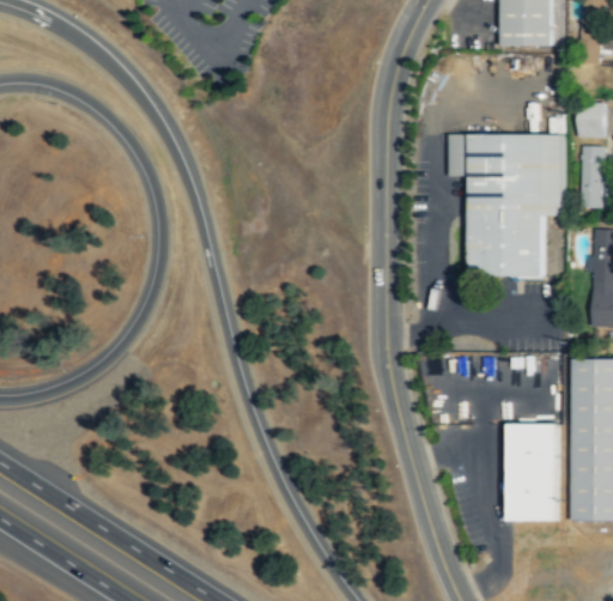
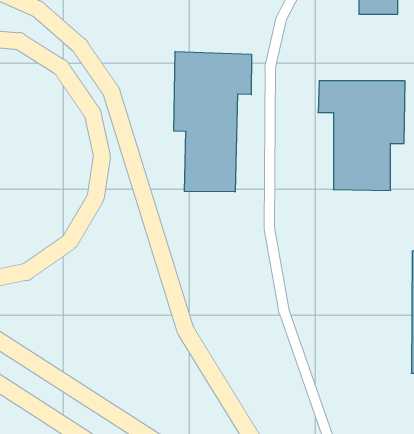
building: none -> [174,51,251,192]
building: [509,424,559,520] -> none

